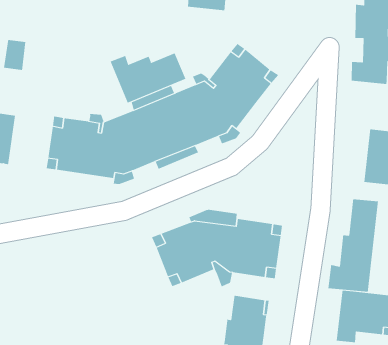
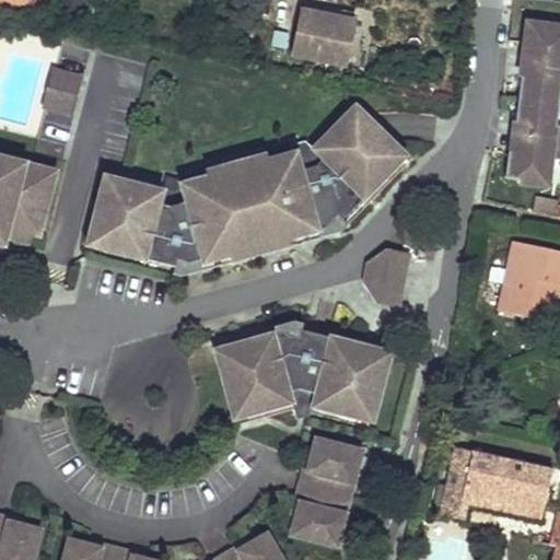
building: [110,53,186,103] -> none
building: none -> [365,249,409,305]
building: [328,198,378,292] -> none

